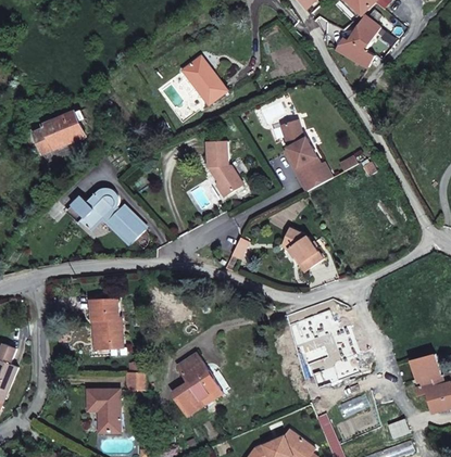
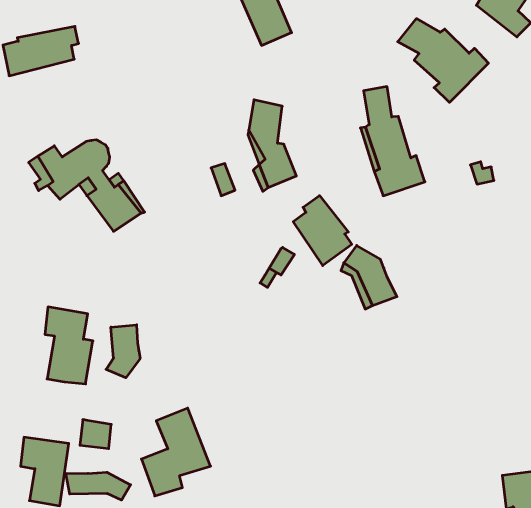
building: none -> [398,19,488,102]
building: none -> [293,196,352,266]
building: none -> [106,325,140,378]
building: none -> [66,472,131,500]

